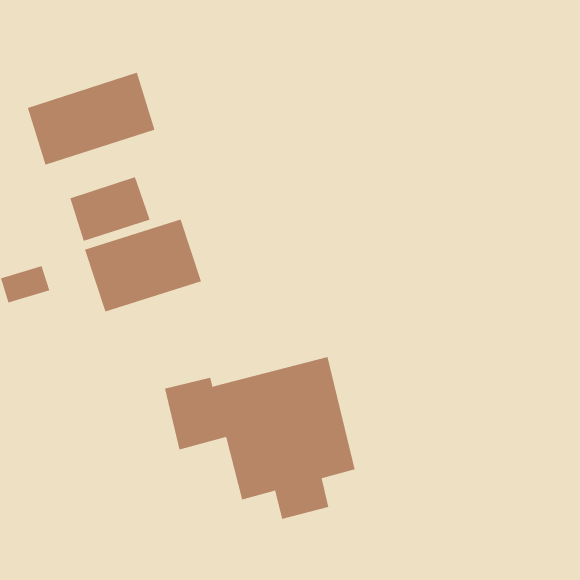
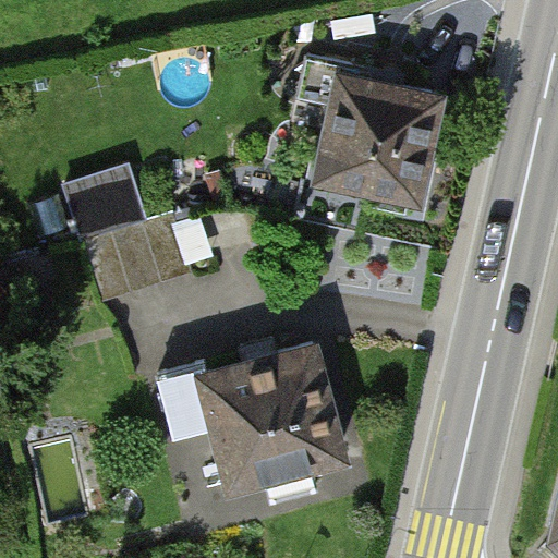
building: none -> [300,57,437,210]
building: [27,72,155,166] -> none

